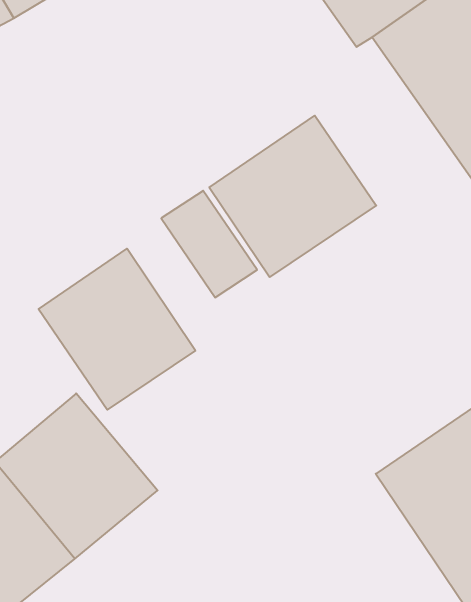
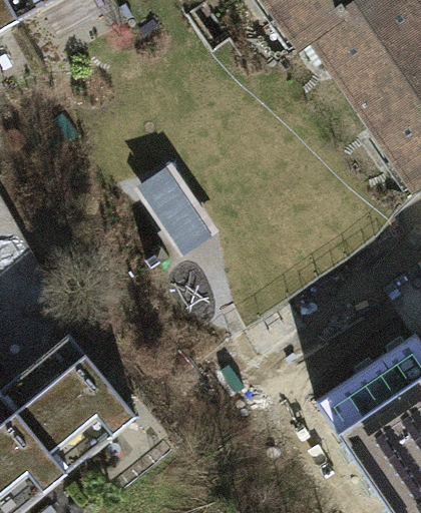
building: [209,116,376,277] -> none
building: [39,249,195,410] -> none

